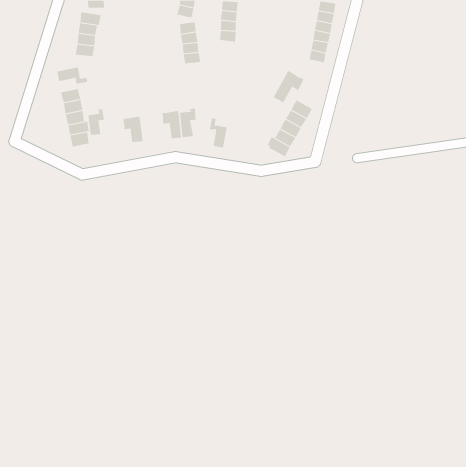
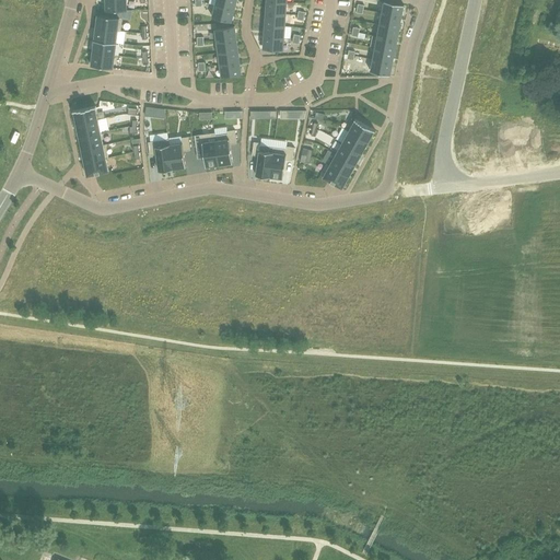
building: [57,67,88,85] -> none
building: [273,70,305,103] -> none
building: [87,109,105,136] -> [168,137,189,170]
building: none -> [268,147,293,178]

